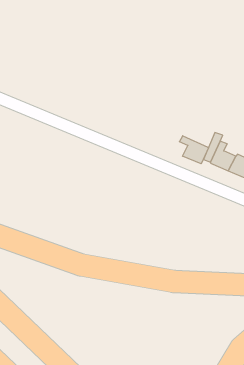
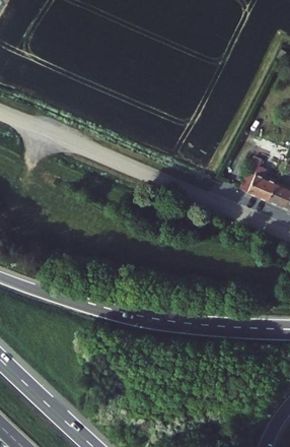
building: [179,136,209,164] -> none

